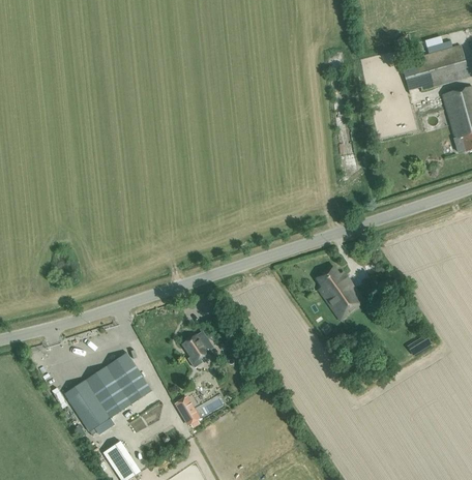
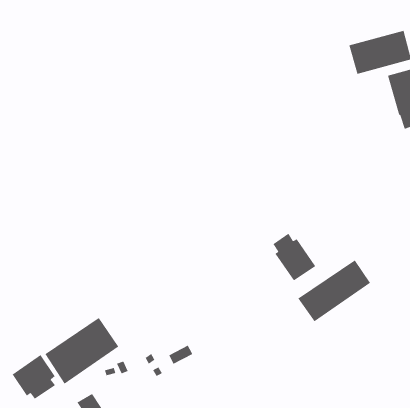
building: none -> [297,259,371,322]
building: [184,330,207,366] -> none
building: none -> [12,354,56,400]

